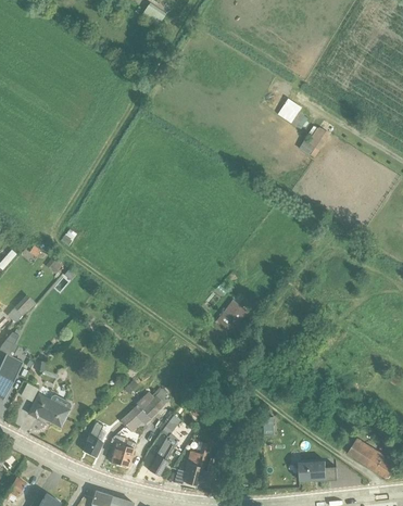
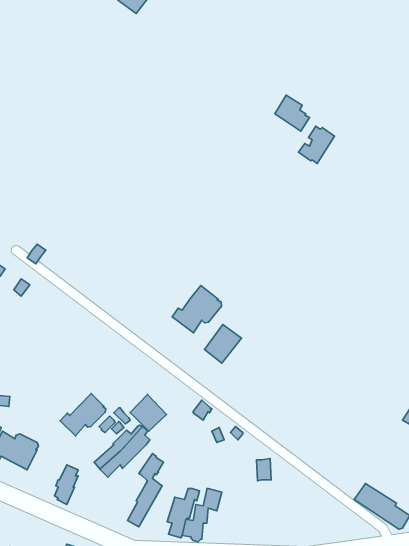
building: none -> [172,285,221,333]
building: none -> [60,393,106,436]
building: none -> [130,394,167,431]
building: [109,435,135,467] -> none
building: [298,460,337,481] -> none

